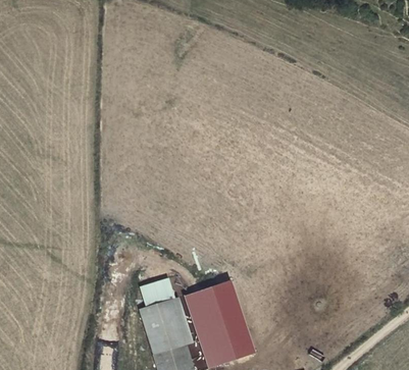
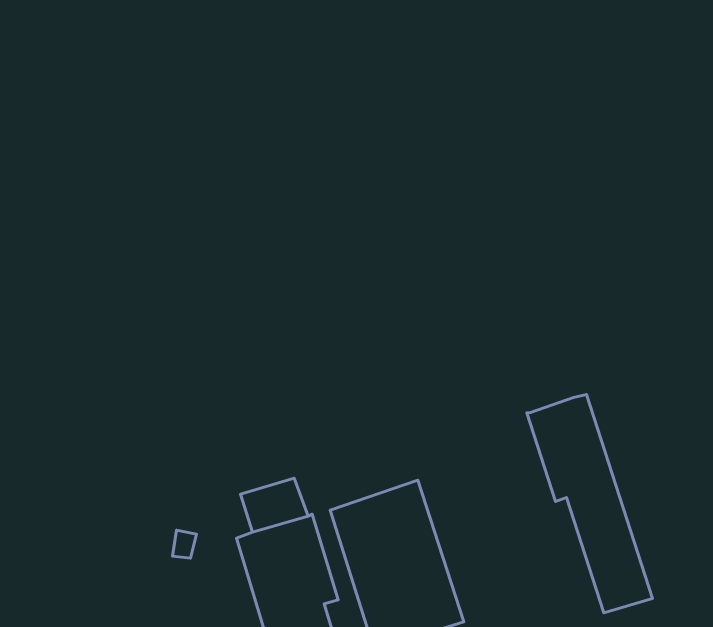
building: none -> [527,395,653,613]

